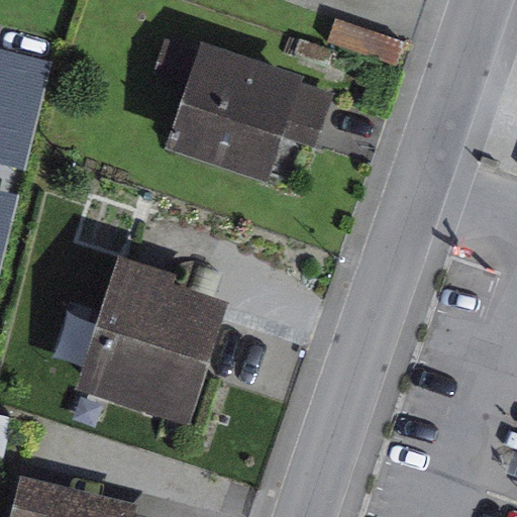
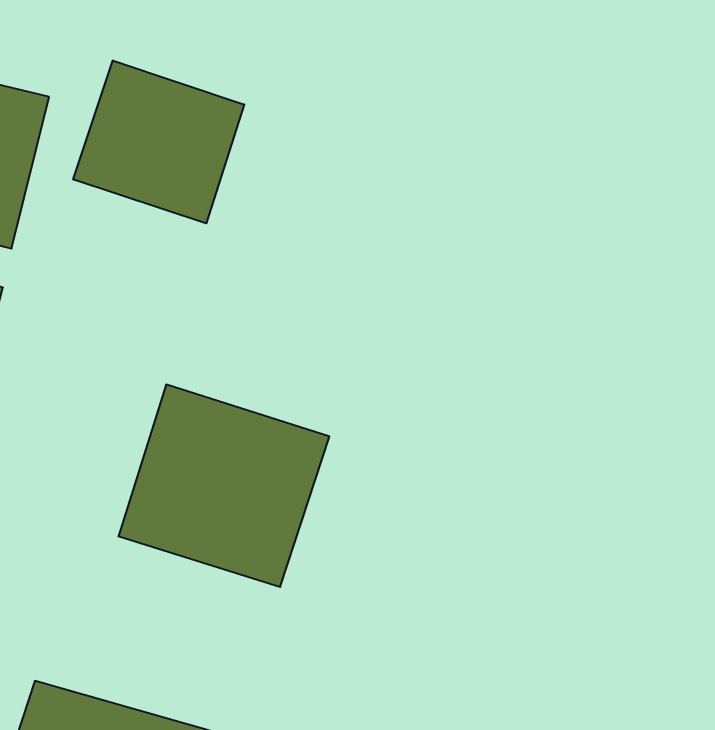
building: [173,41,305,164] -> none
building: none -> [73,60,244,223]

